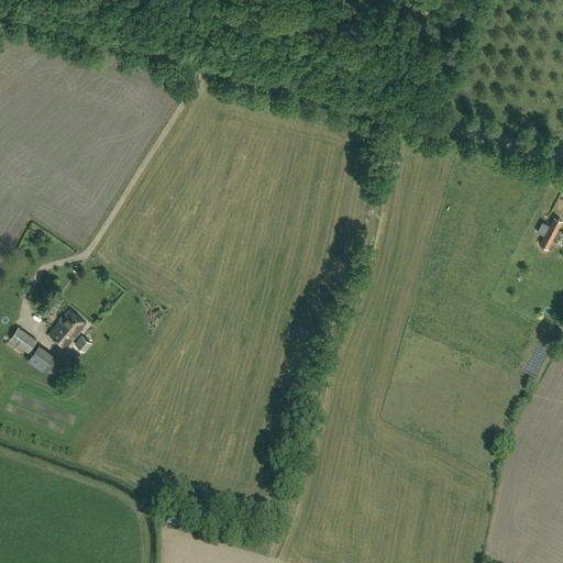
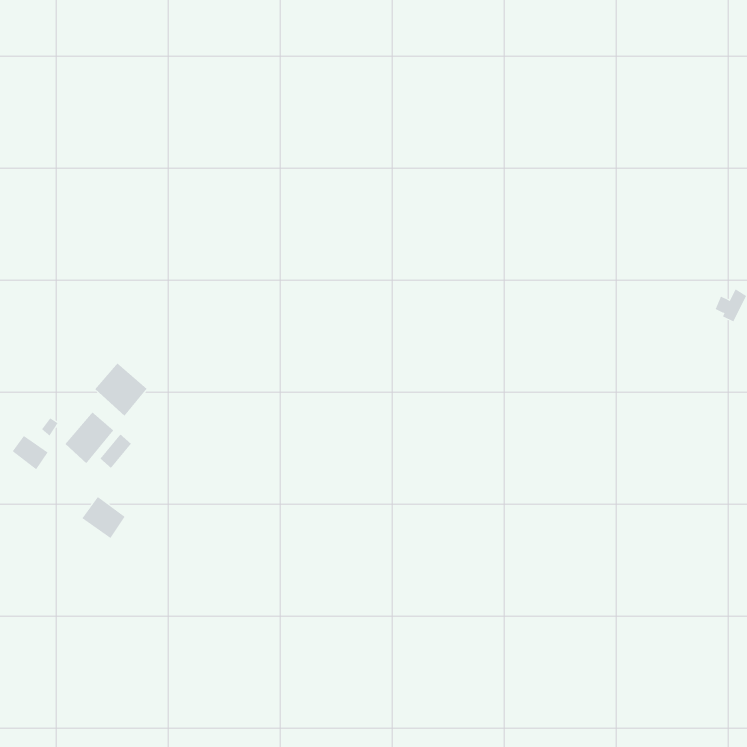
building: none -> [95,362,147,417]
building: [27,346,60,378] -> [81,496,125,539]

